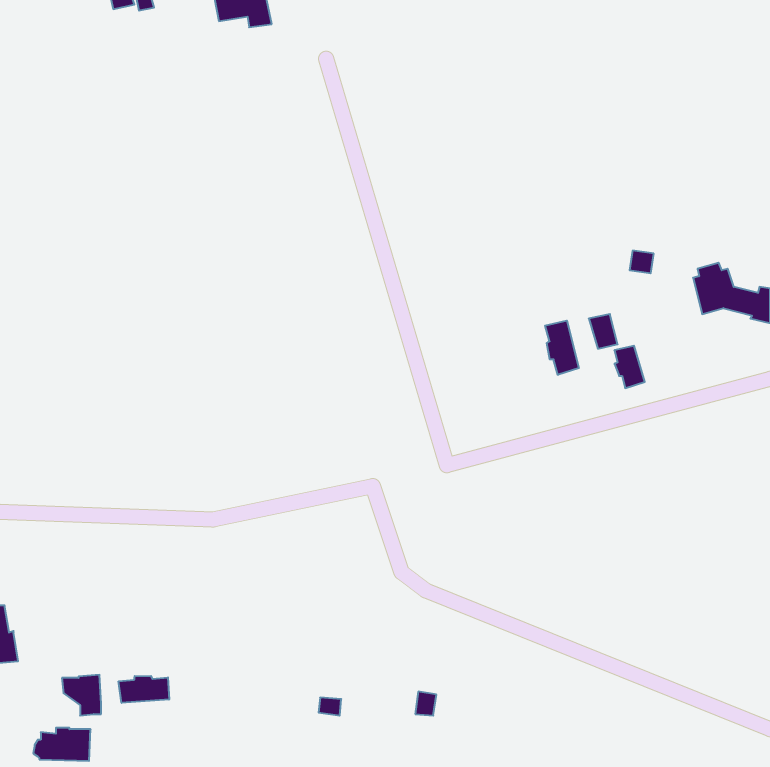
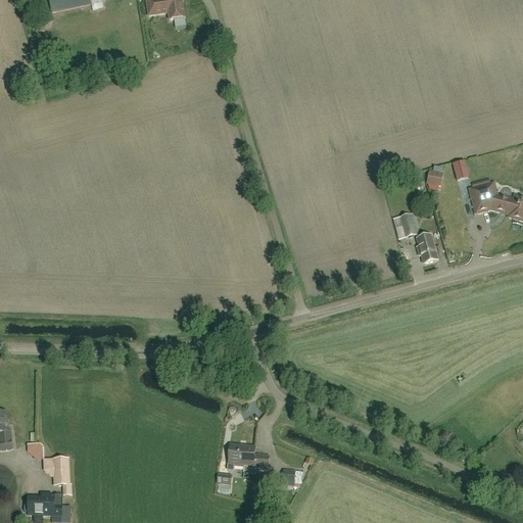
building: [545,321,579,375] -> none
building: none -> [228,442,269,469]
building: [119,676,169,703] -> none

